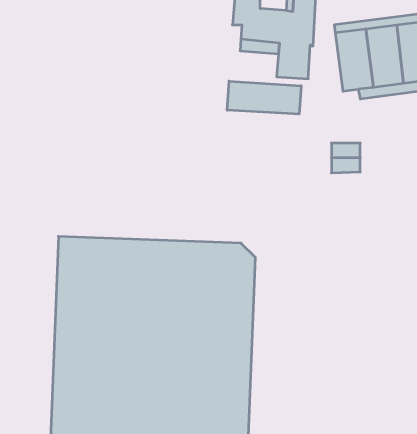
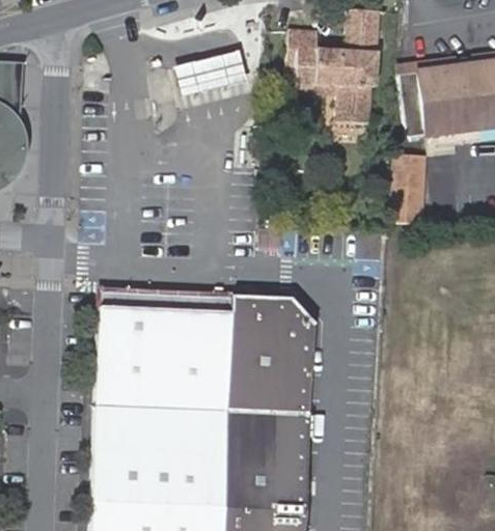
building: none -> [176,55,243,92]
building: [227,81,301,114] -> none
building: none -> [394,158,425,193]

